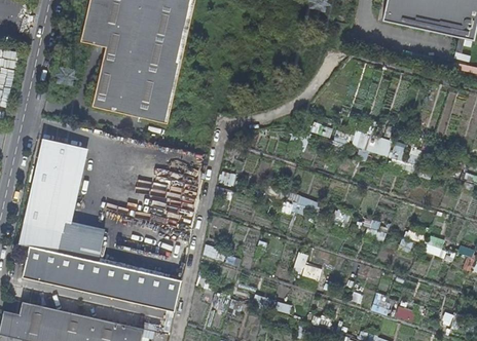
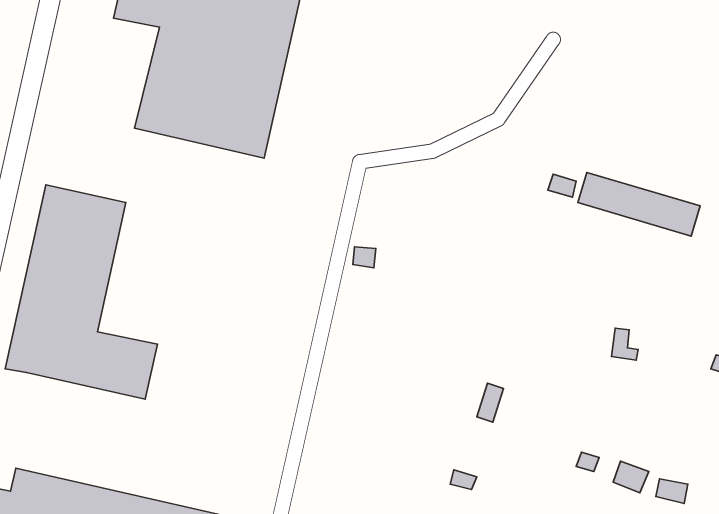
building: [23,245,181,311] -> none

